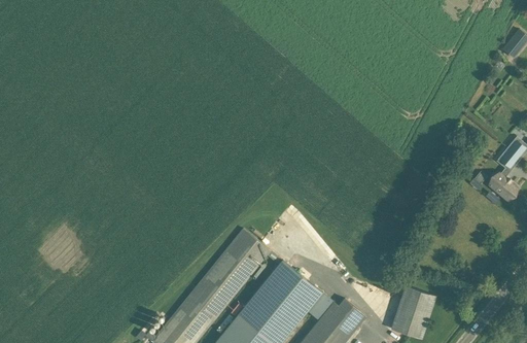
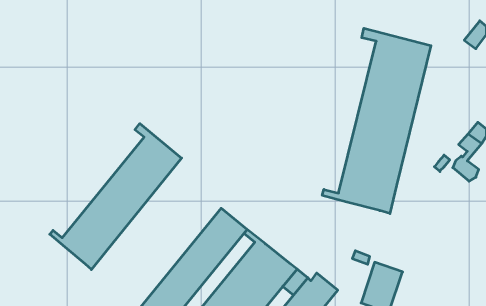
building: none -> [322,28,431,214]
building: none -> [50,124,182,270]

